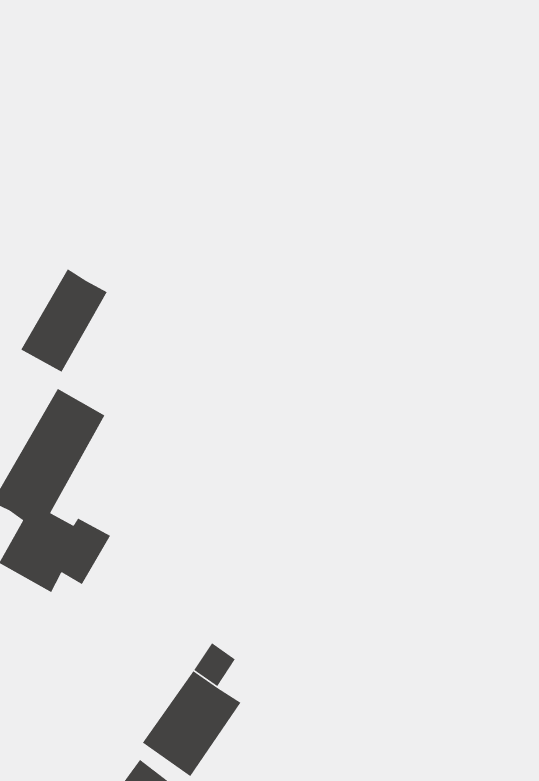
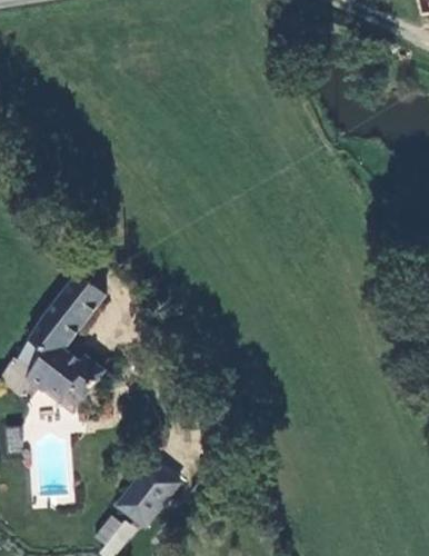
building: [20,268,108,373] -> none

